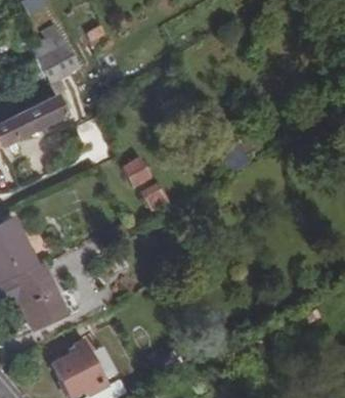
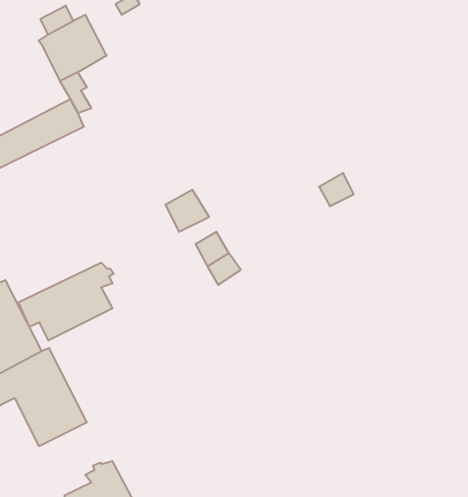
building: none -> [18,263,114,340]

